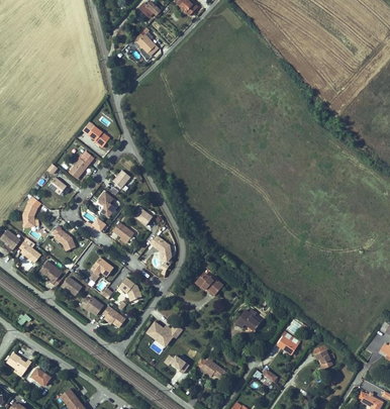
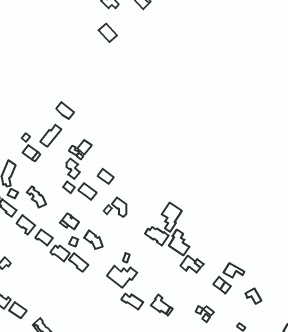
building: none -> [162,203,182,232]
building: none -> [169,230,190,255]

